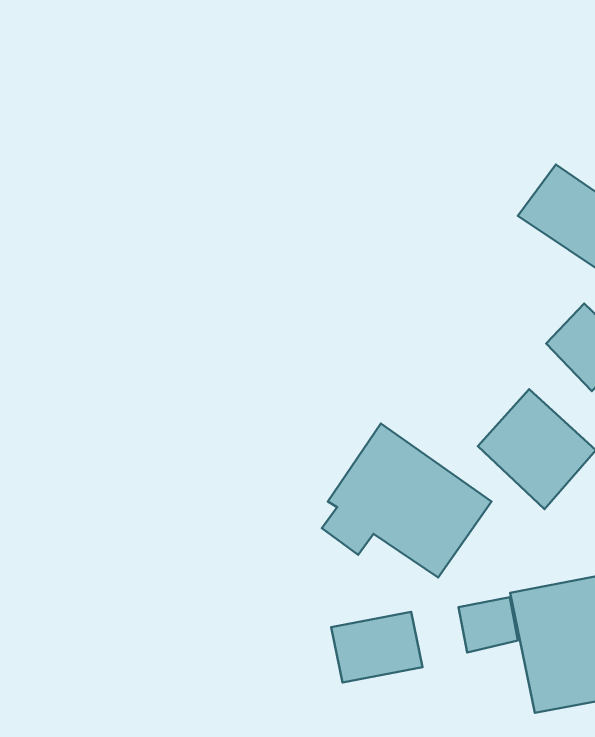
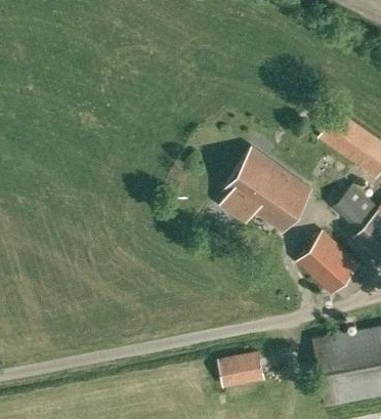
building: [322,423,491,578] -> [220,148,311,231]
building: [458,597,518,652] -> none

